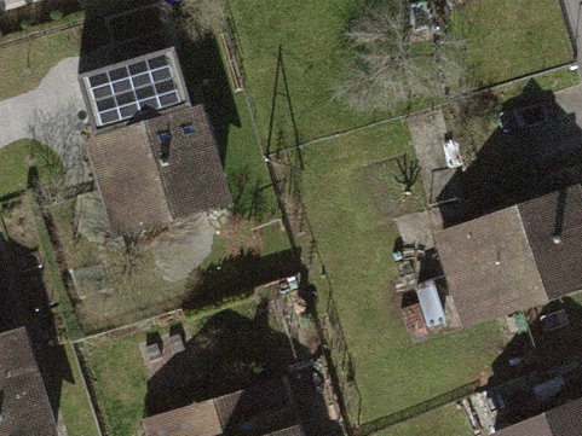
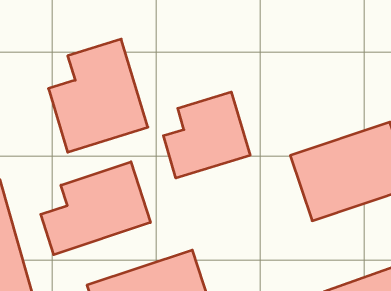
building: none -> [163,92,250,178]
building: none -> [41,162,150,255]

